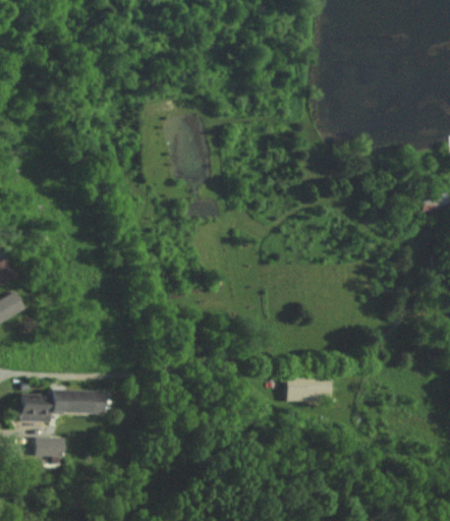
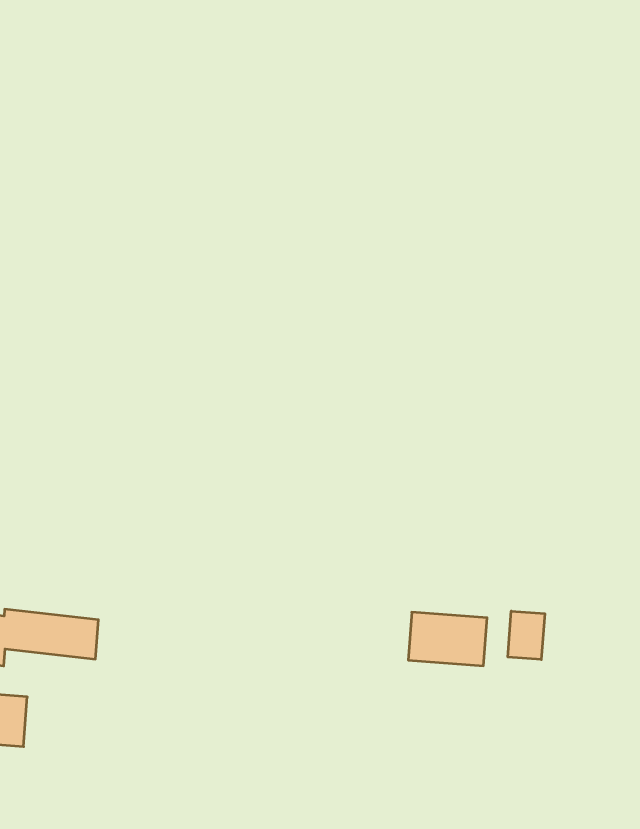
building: none -> [508,611,545,660]

